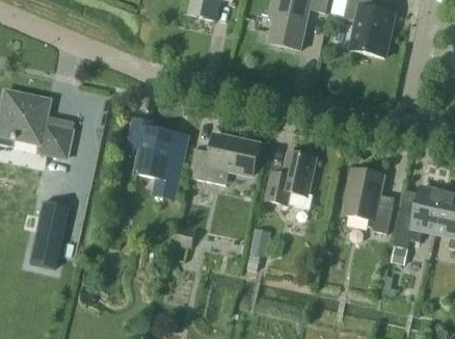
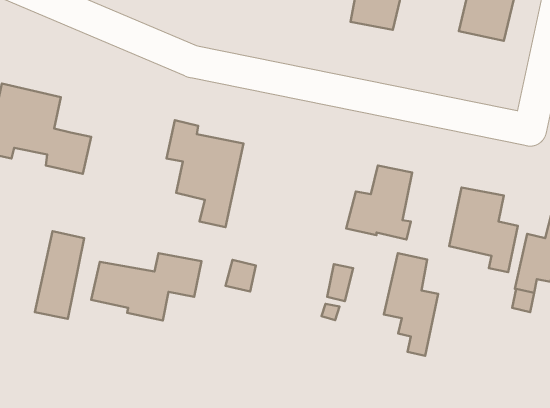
building: [189,133,260,182] -> none
building: none -> [91,253,202,321]
building: none -> [384,253,438,356]

